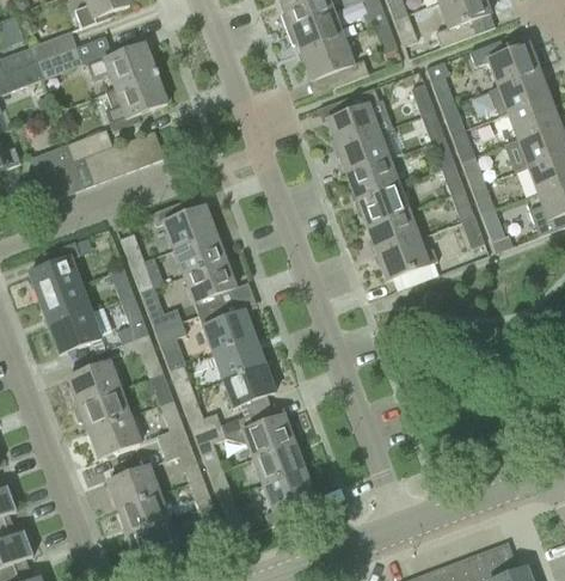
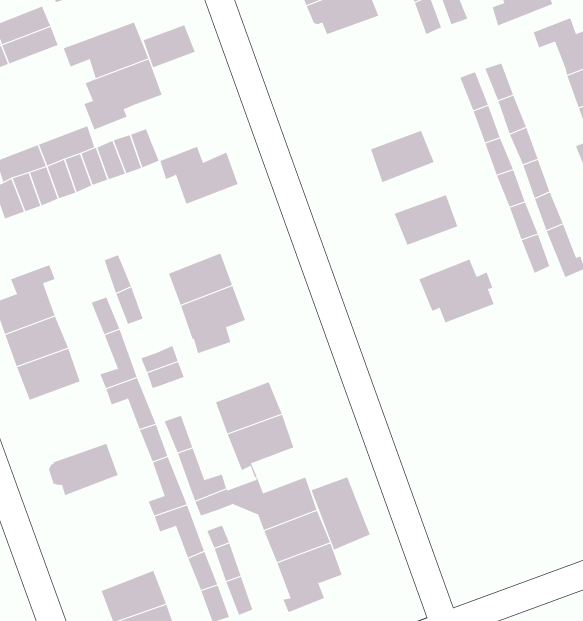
building: [301,38,369,86] -> none
building: none -> [143,24,196,68]
building: [326,87,379,147] -> none
building: [346,158,399,200] -> none
building: [151,201,215,249] -> [160,146,239,205]
building: [367,210,418,253] -> none
building: [196,305,254,354] -> none
building: [68,361,122,403] -> none
building: [87,414,142,458] -> none
building: none -> [311,477,371,550]
building: [108,465,160,508] -> none

